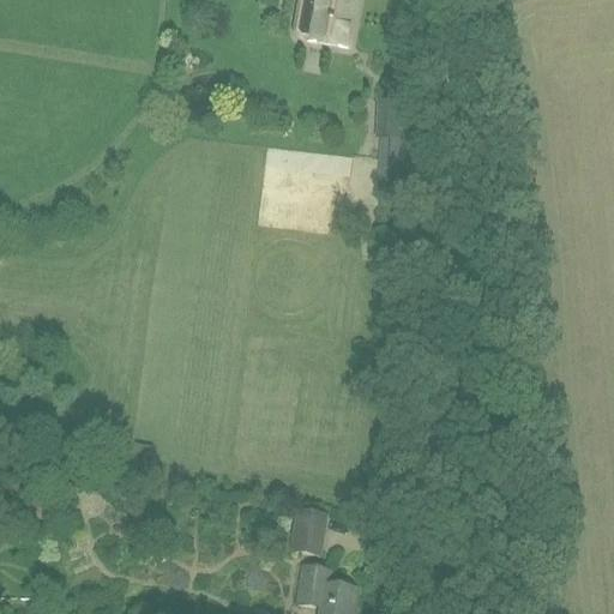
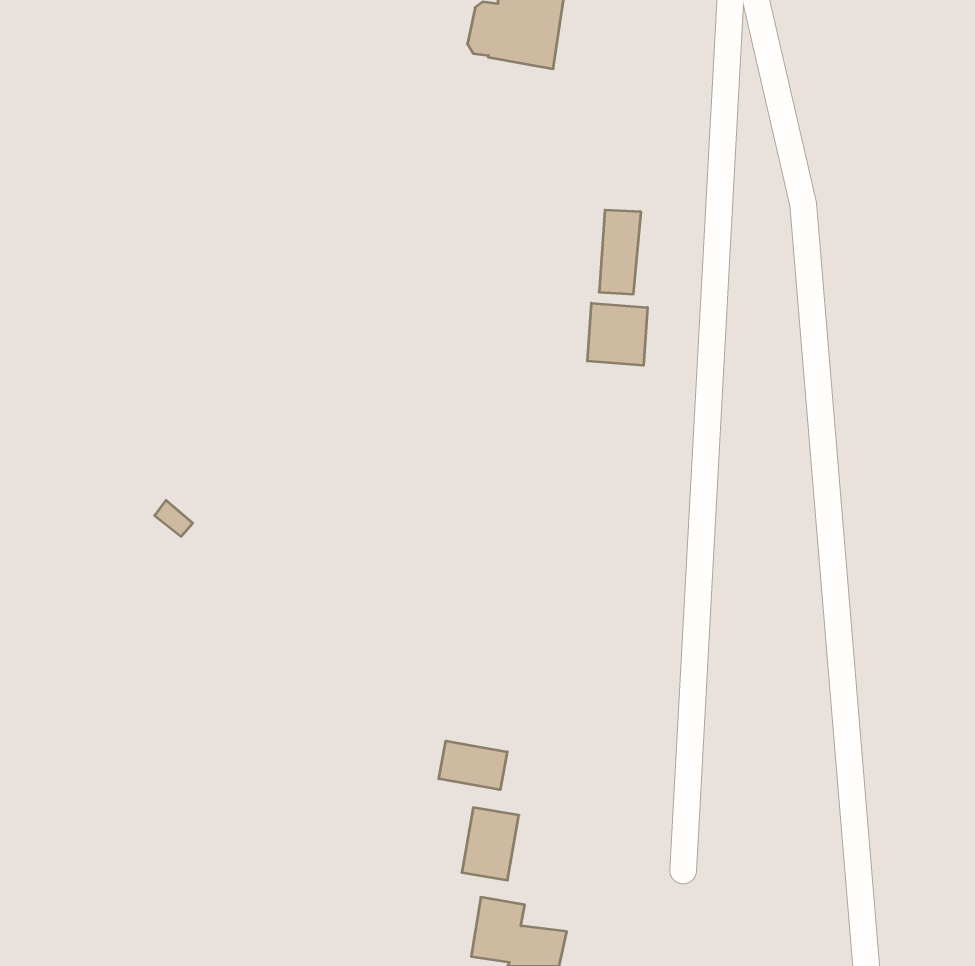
building: none -> [587,303,647,365]
building: none -> [439,741,507,790]

